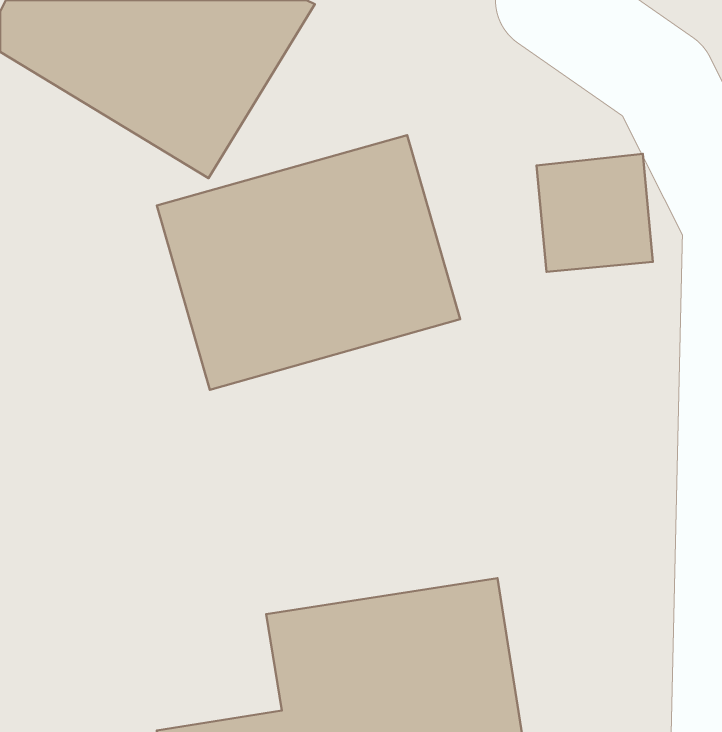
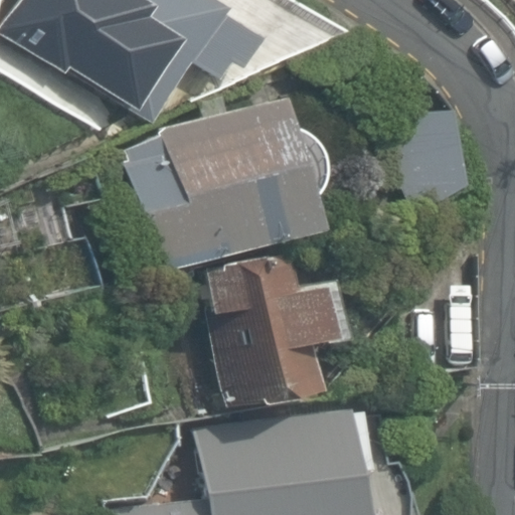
building: none -> [201,255,354,406]

